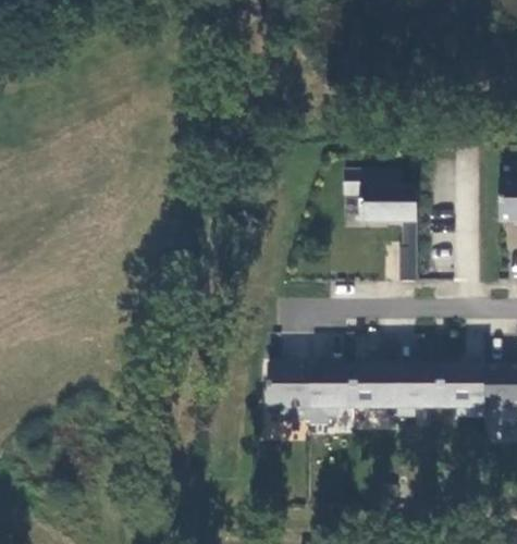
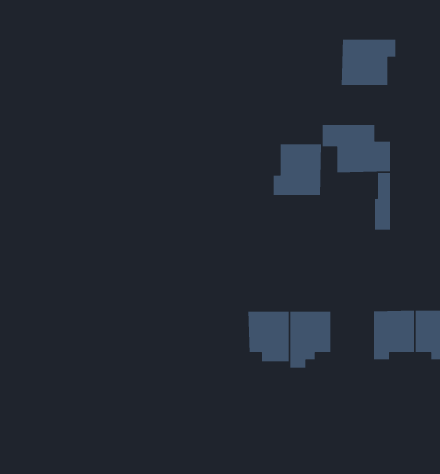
building: none -> [341,39,396,86]
building: none -> [273,144,322,196]
building: [355,368,398,411] -> none

